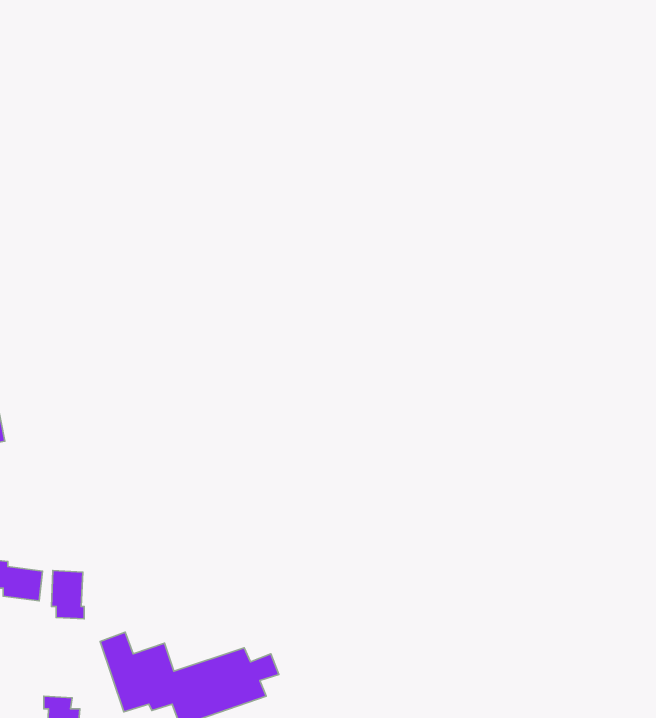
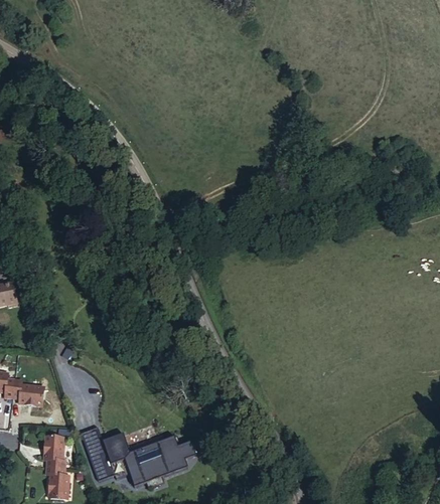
building: [51,570,84,619] -> [42,437,63,468]

